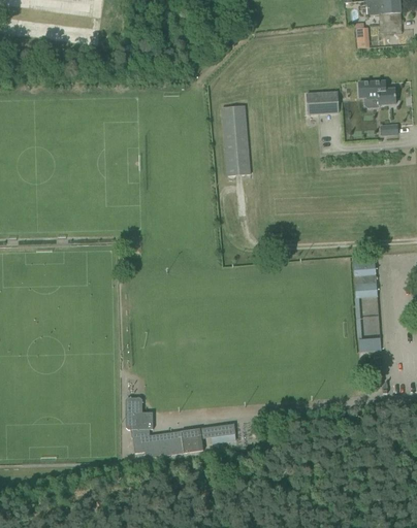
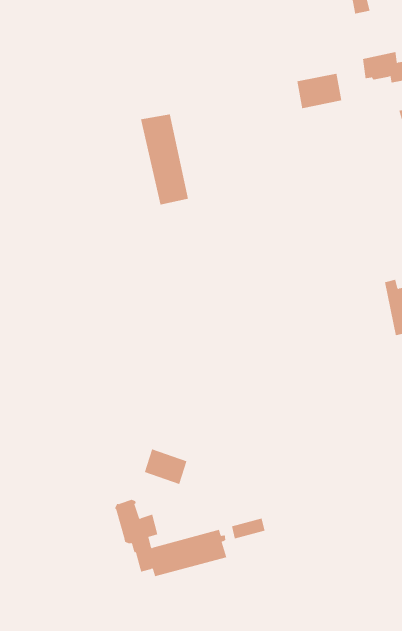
building: [222,106,251,175] -> [140,114,189,205]
building: none -> [144,449,187,485]

